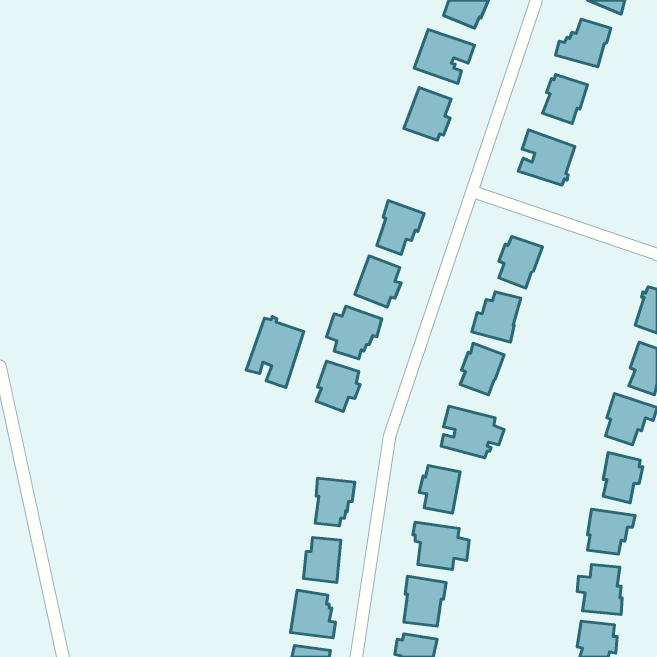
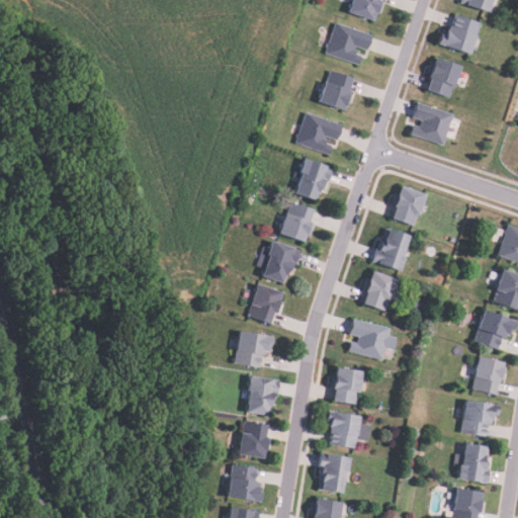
building: none -> [295,113,343,155]
building: [246,317,304,388] -> none
building: none -> [234,331,273,367]

